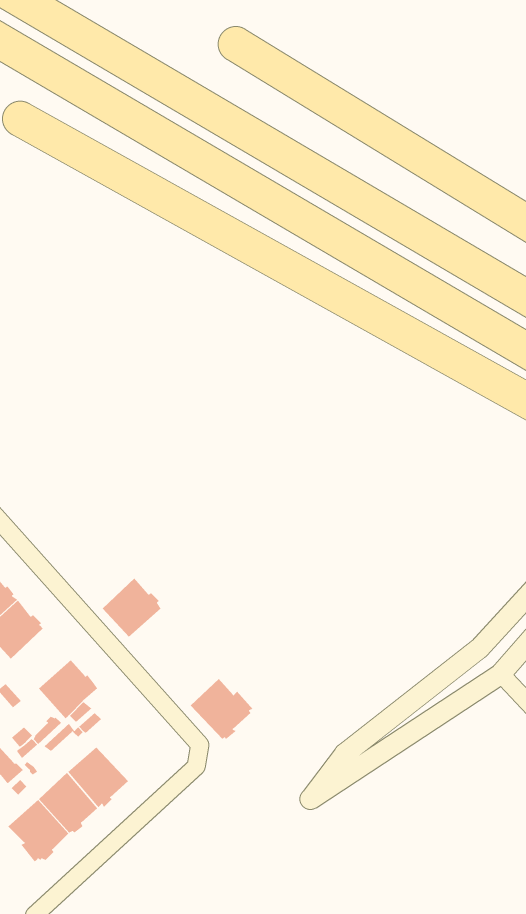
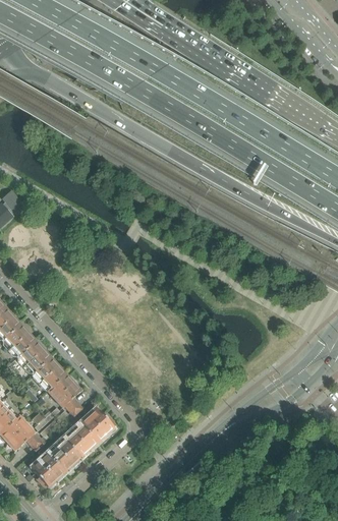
building: [102,578,162,637] -> [32,355,65,389]
building: [190,678,253,740] -> [79,406,115,441]

